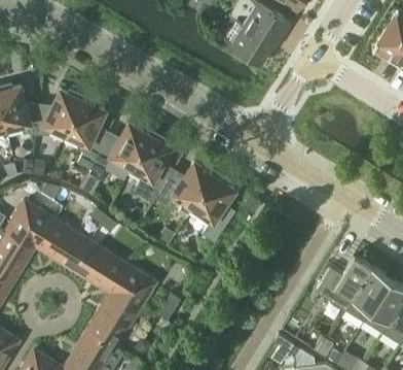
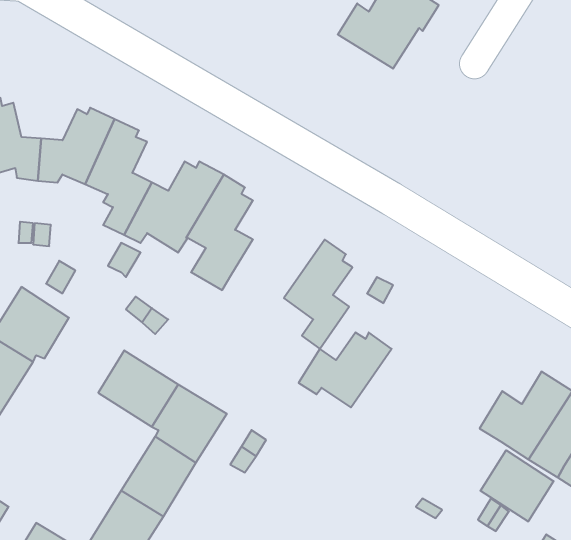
building: [158,162,217,209] -> [299,332,392,407]
building: [40,222,90,269] -> none
building: none -> [480,450,554,522]

